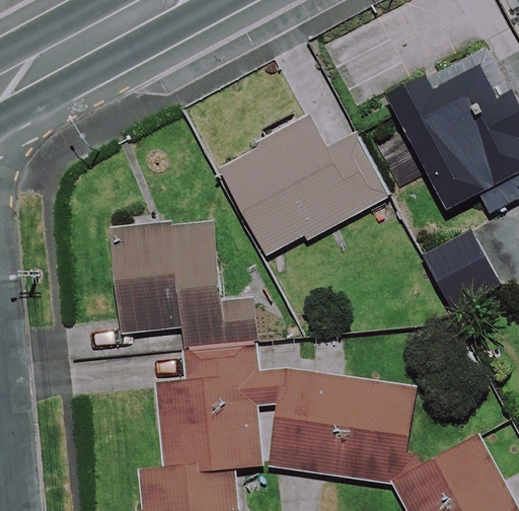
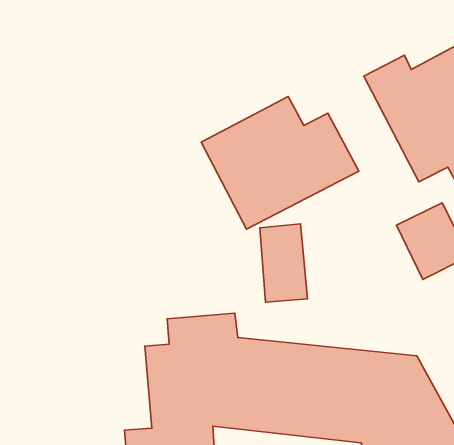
building: [113,218,262,352] -> none
building: none -> [260,224,308,302]

